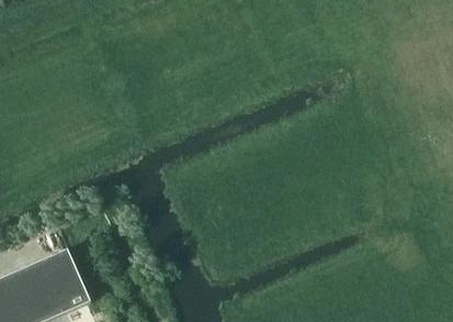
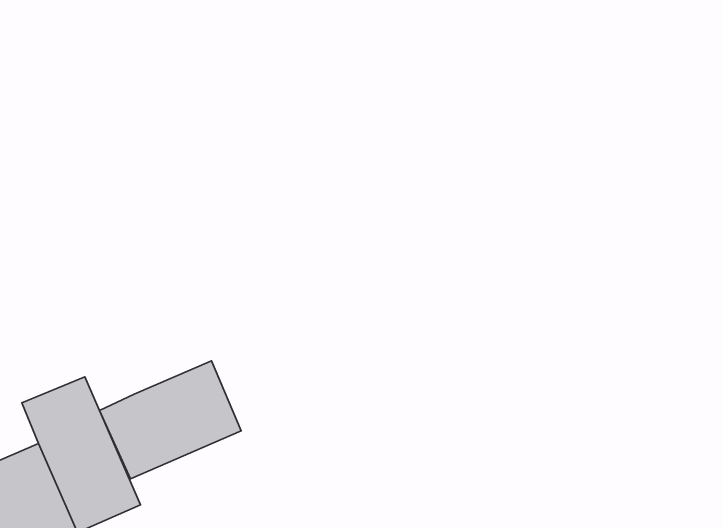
building: none -> [100,361,241,479]

